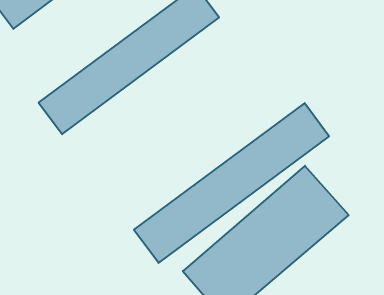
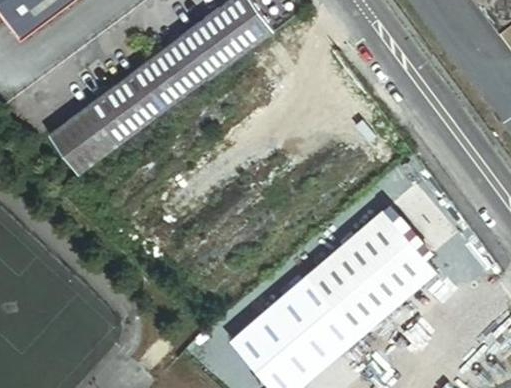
building: [134,103,329,263] -> none

